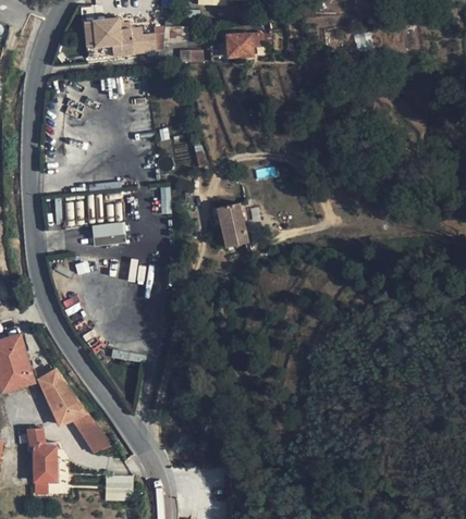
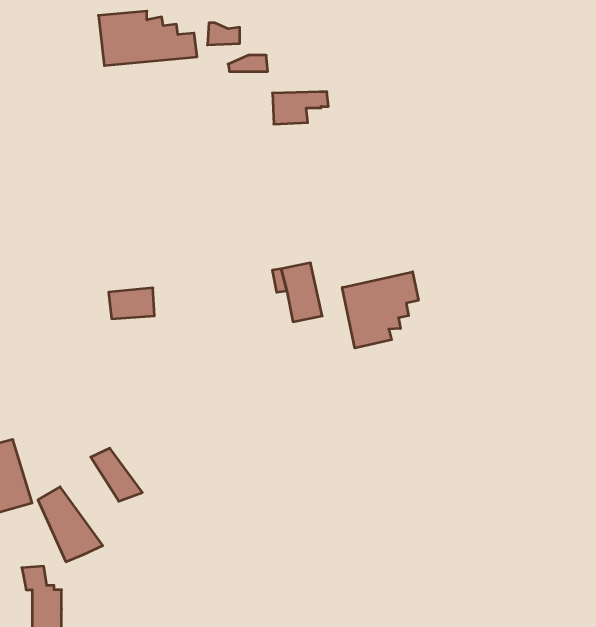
building: [228,33,269,57] -> [272,92,328,124]
building: none -> [342,272,418,348]
building: [72,412,110,452] -> [91,448,142,501]

